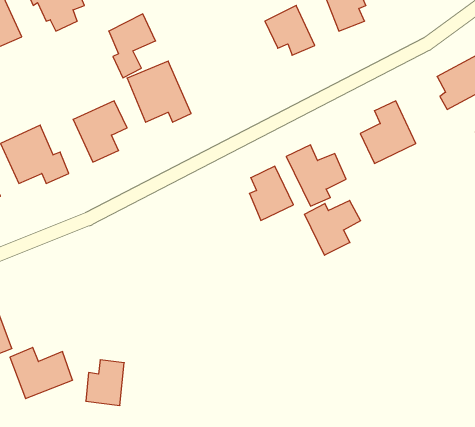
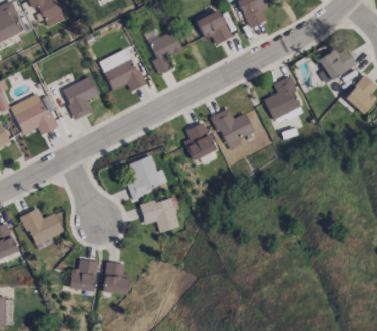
building: [109,14,156,78] -> [149,30,182,75]
building: [305,200,361,255] -> none
building: none -> [126,155,168,197]
building: none -> [139,196,180,232]
building: [10,347,73,399] -> [22,208,66,244]
building: none -> [104,262,130,294]

